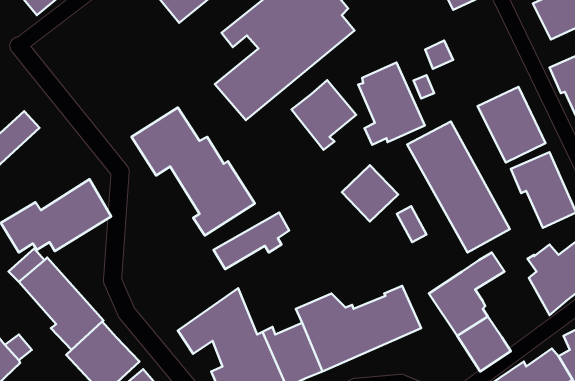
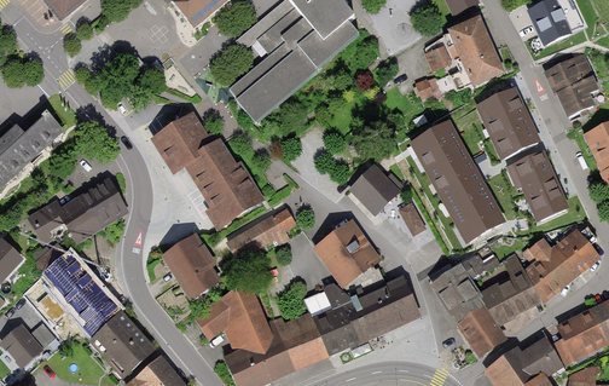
building: [358,63,425,145] -> [443,13,506,91]
building: [292,80,356,150] -> none
building: none -> [313,218,381,287]
building: none -> [160,231,220,301]
building: none -> [480,252,541,324]

